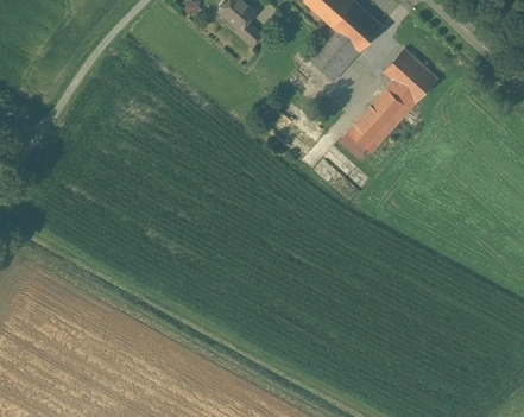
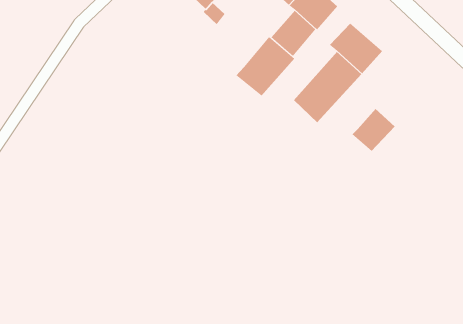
building: none -> [235,36,295,97]
building: none -> [352,108,395,152]

